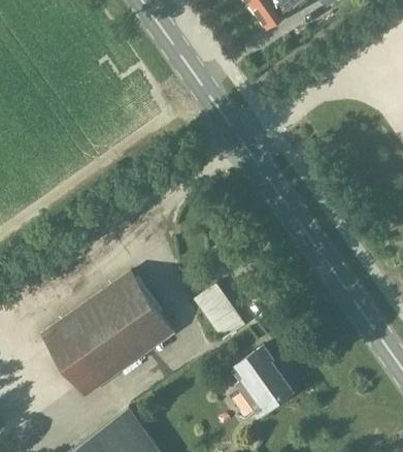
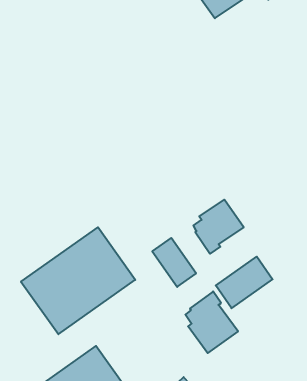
building: none -> [193,200,244,254]
building: none -> [216,257,273,308]

